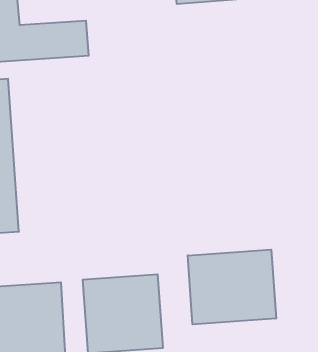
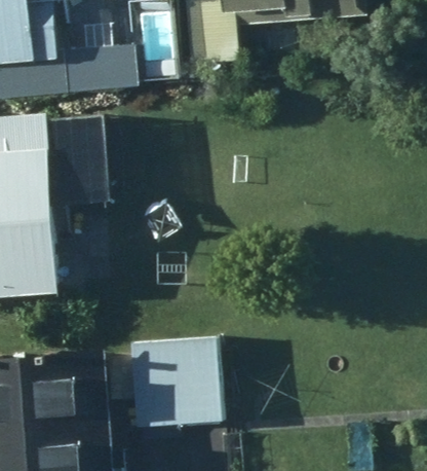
building: [188,250,276,324] -> none

